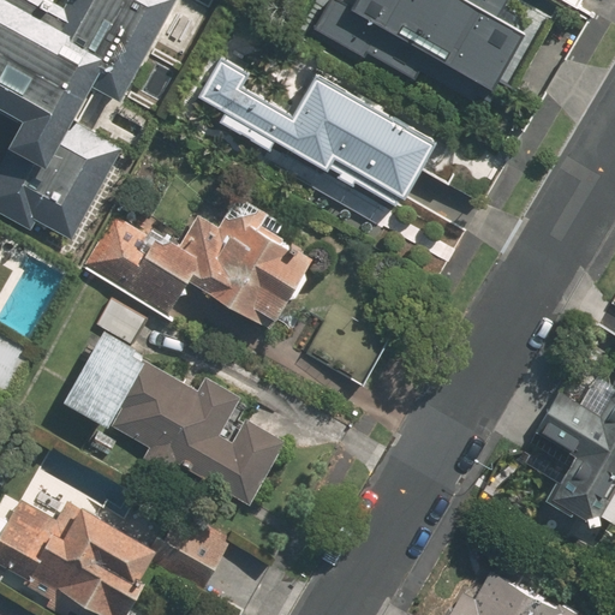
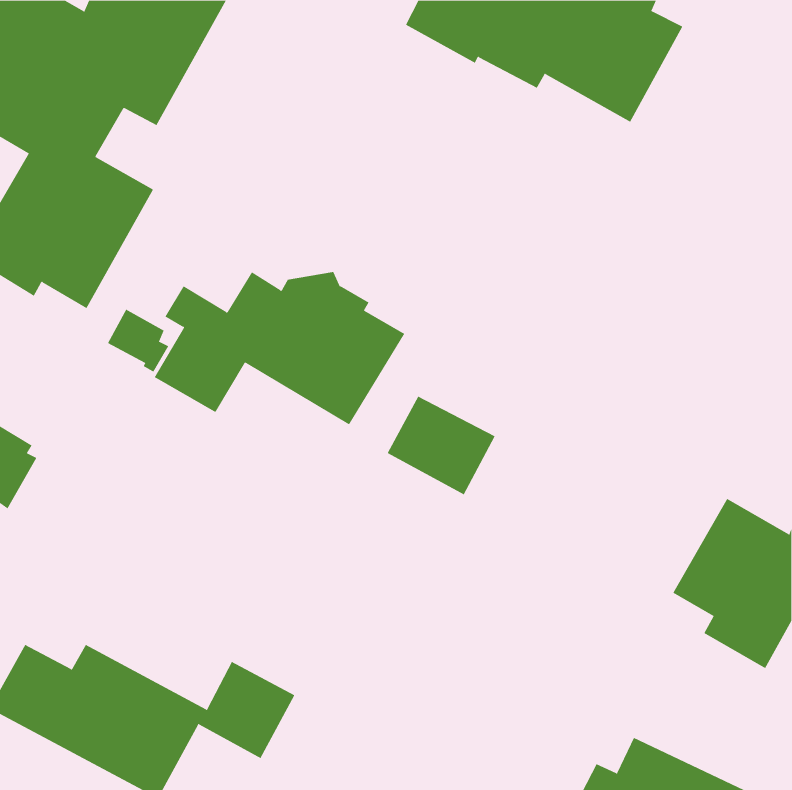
building: [196,56,437,204] -> none
building: [65,298,283,506] -> none

